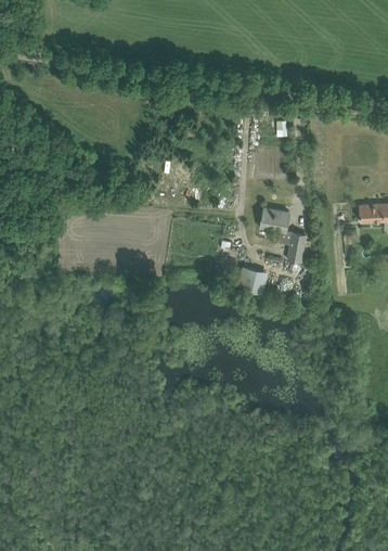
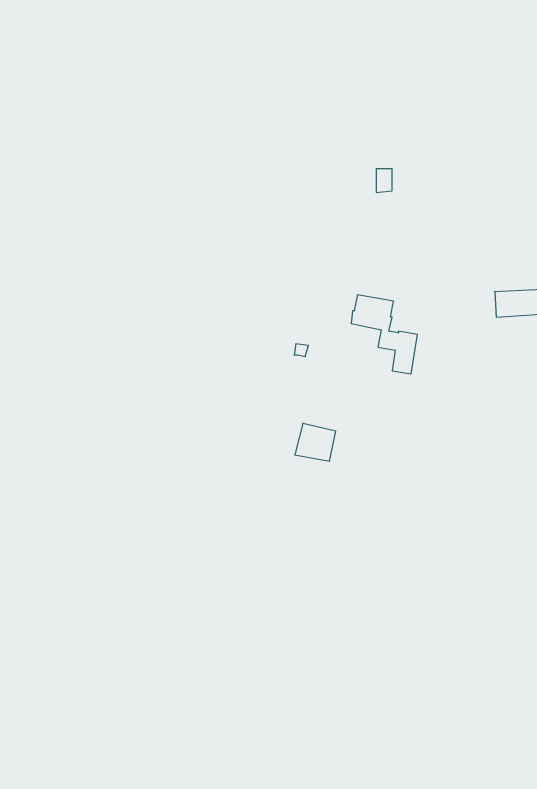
building: [236,266,264,292] -> [295,423,336,461]

